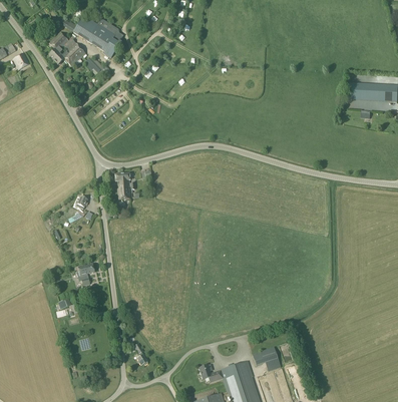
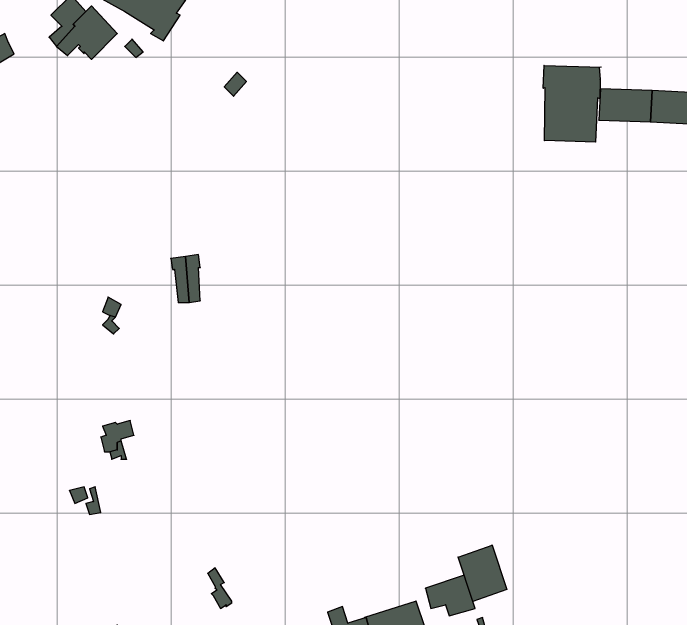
building: none -> [543,65,601,142]
building: none -> [458,545,507,601]

